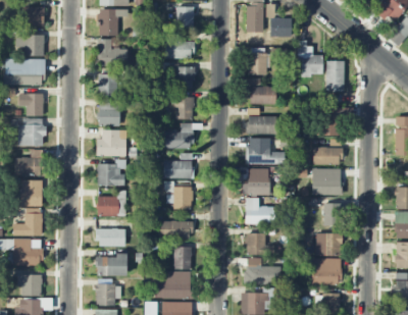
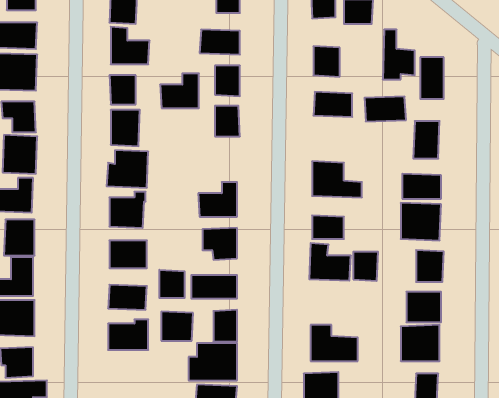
building: [247,115,277,134] -> [364,97,406,121]
building: [164,122,193,148] -> [160,73,199,108]
building: none -> [159,270,185,298]
building: [247,232,265,254] -> [353,252,378,281]
building: [96,283,119,305] -> [161,312,193,341]

